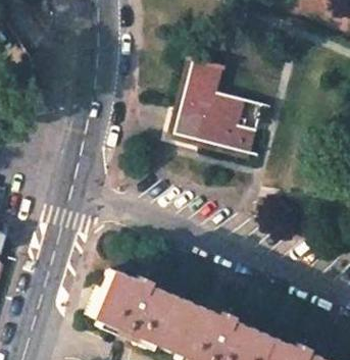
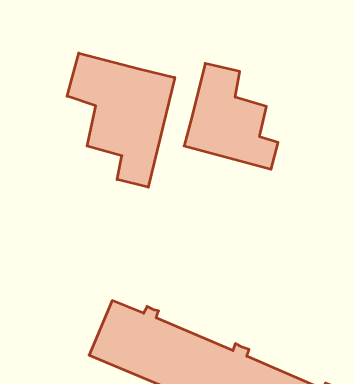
building: none -> [67,53,175,187]

